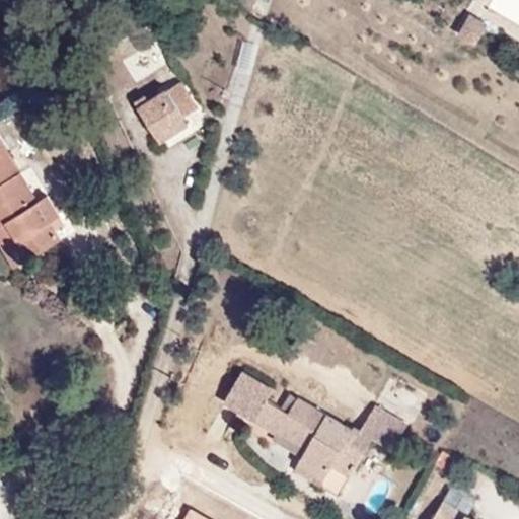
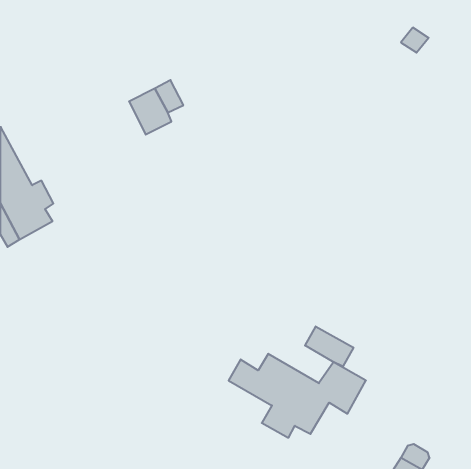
building: none -> [305,326,353,367]
building: [220,371,270,421] -> none

